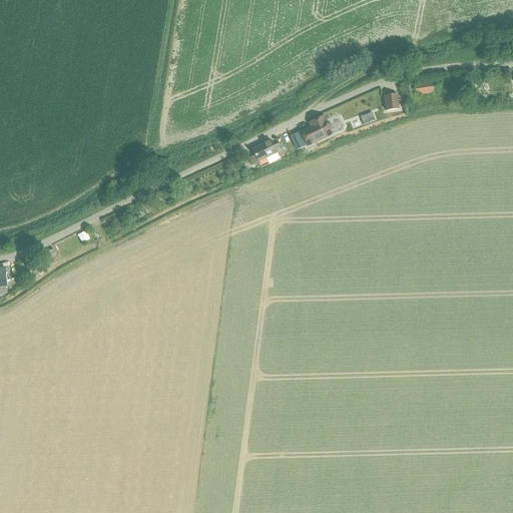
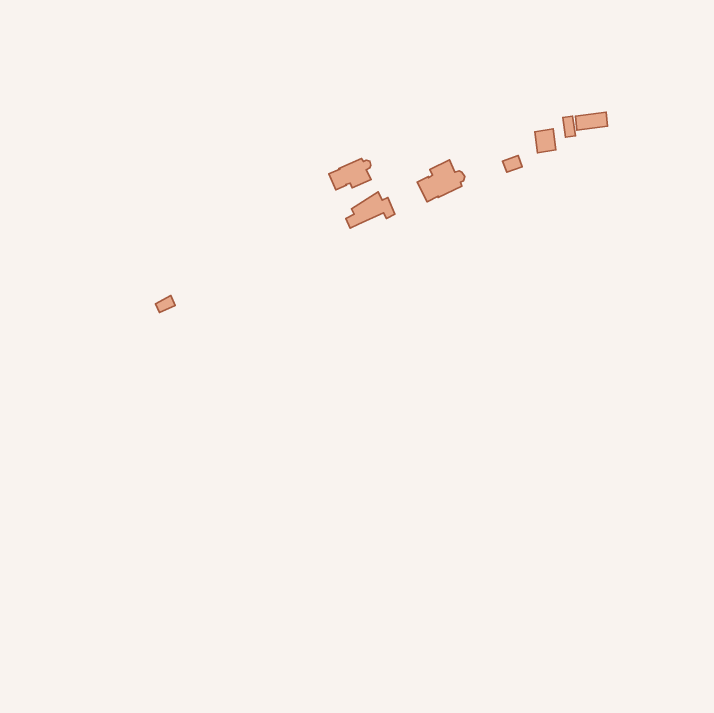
building: none -> [329,158,371,190]

